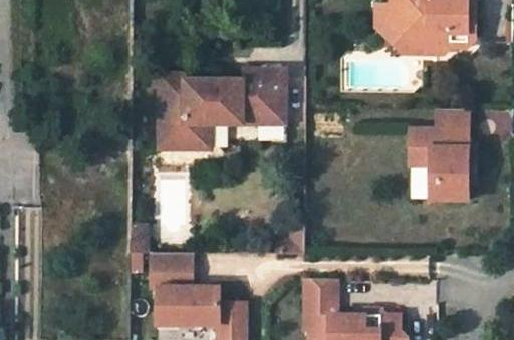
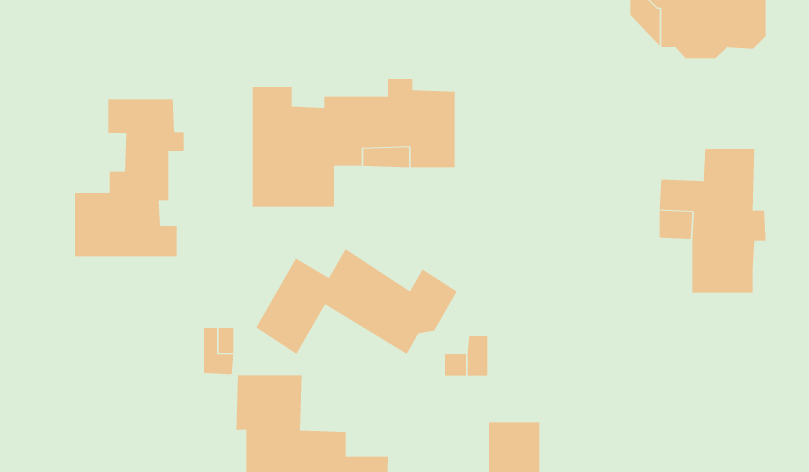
building: none -> [74,98,184,257]
building: none -> [255,248,457,355]

